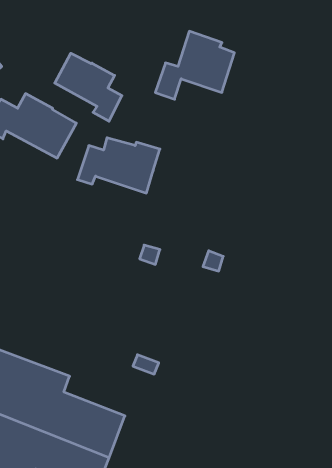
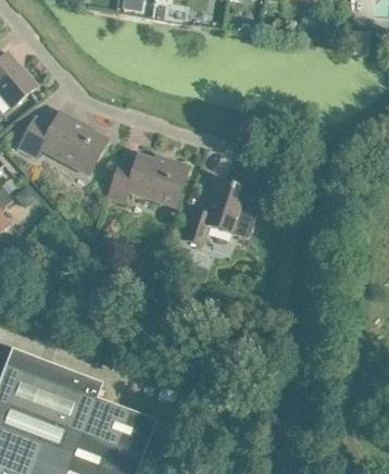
building: [155,31,234,99] -> [184,178,260,244]
building: [55,53,122,121] -> none

